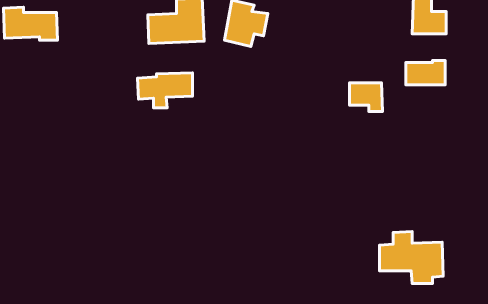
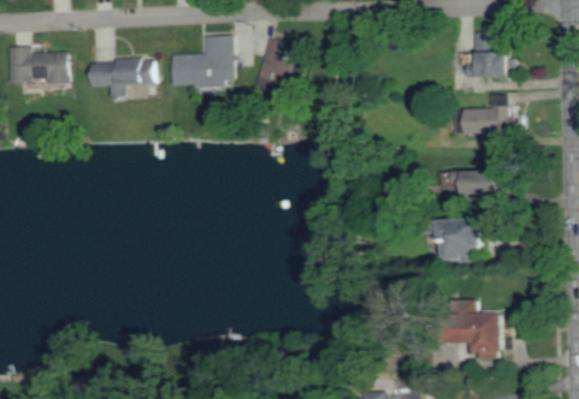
building: [137,73,193,108] -> [90,58,153,97]
building: [350,83,383,111] -> [459,171,496,203]
building: none -> [442,220,481,262]

